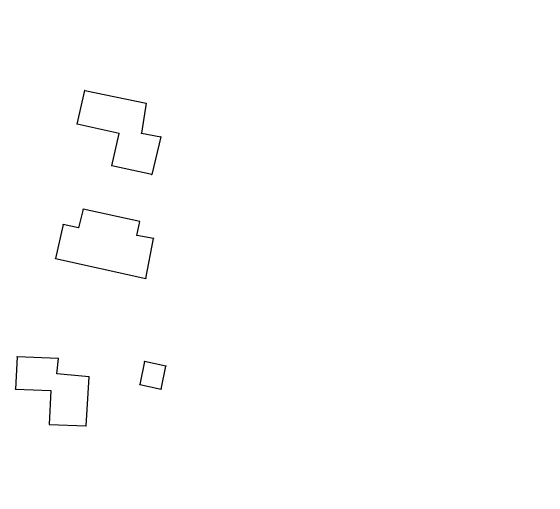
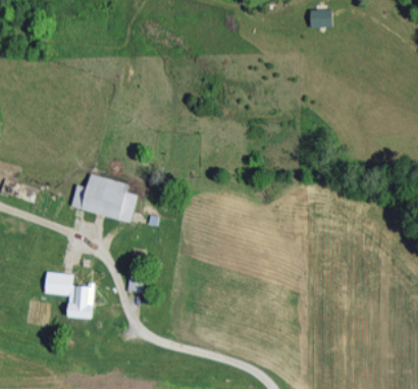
building: [77,90,161,175] -> none

